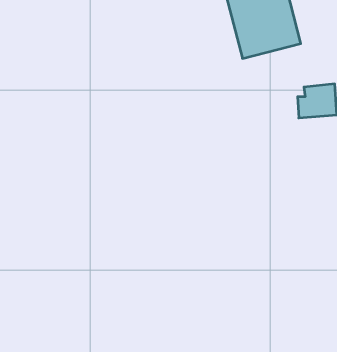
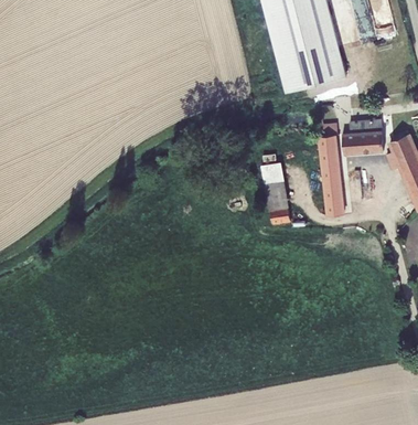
building: none -> [317,123,344,215]
building: none -> [260,161,290,225]

